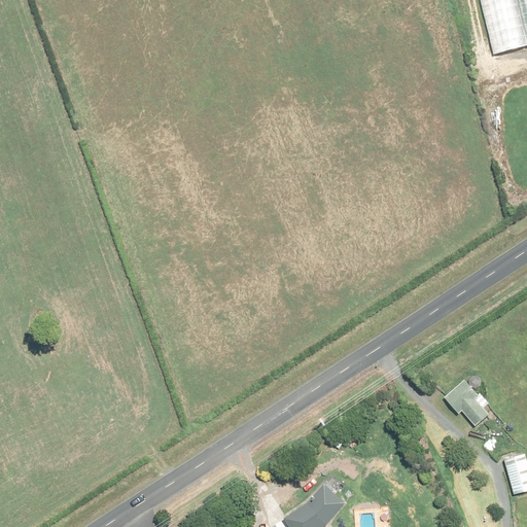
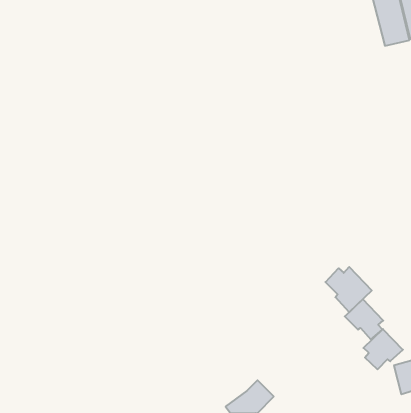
building: none -> [325,267,372,312]
building: none -> [363,329,403,369]

